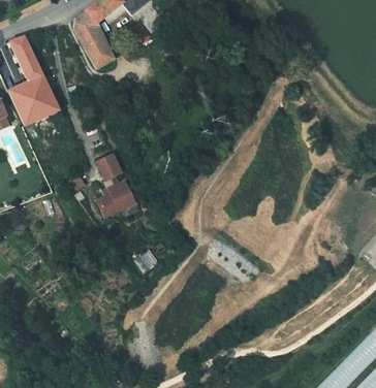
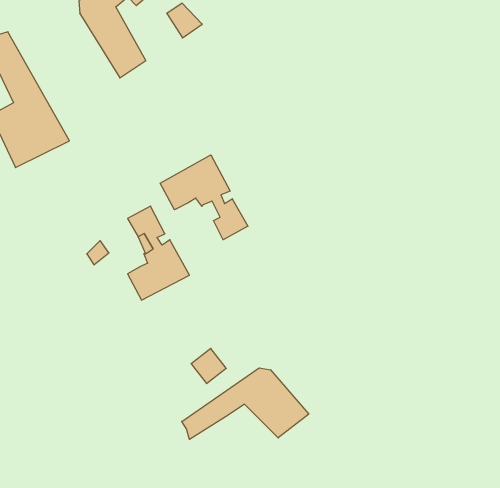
building: none -> [160,155,248,240]
building: none -> [182,368,309,439]

